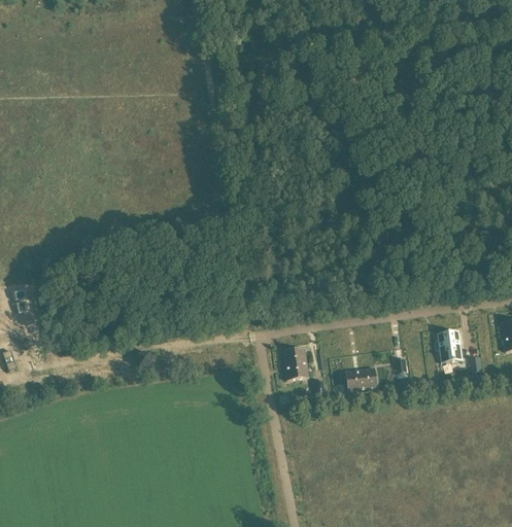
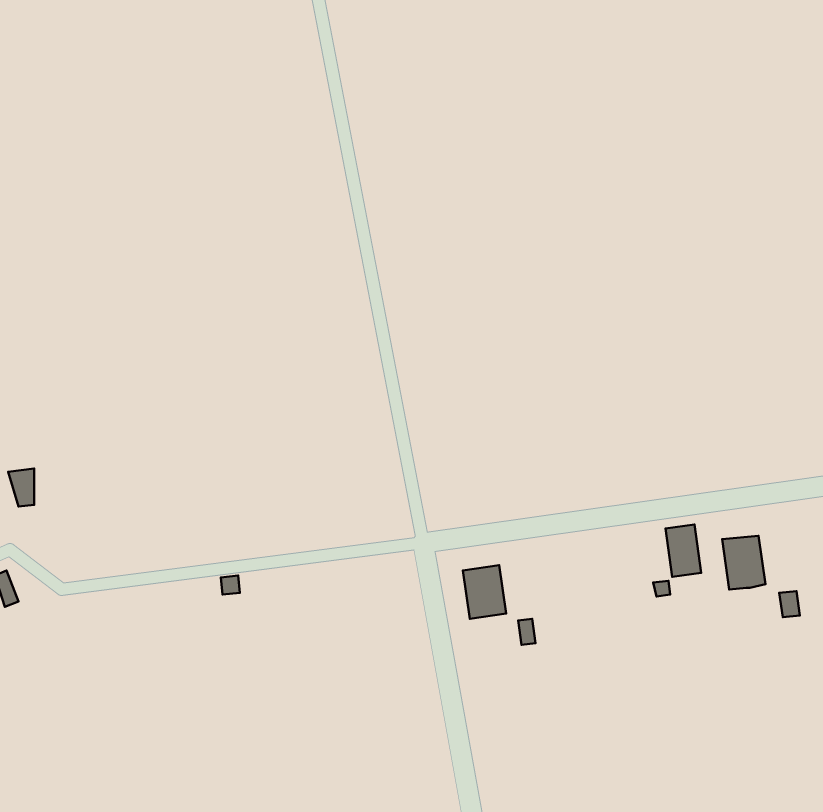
building: none -> [666,525,701,577]
building: [345,366,377,392] -> none

